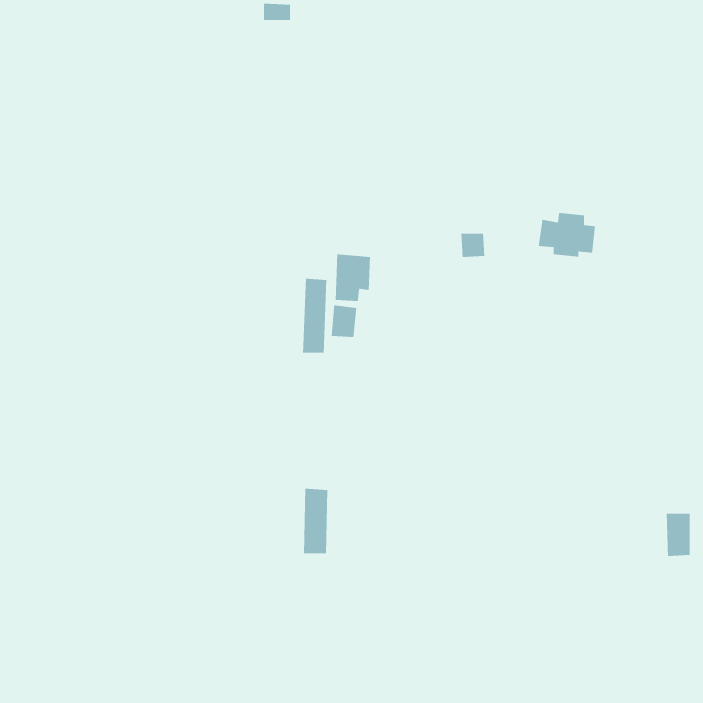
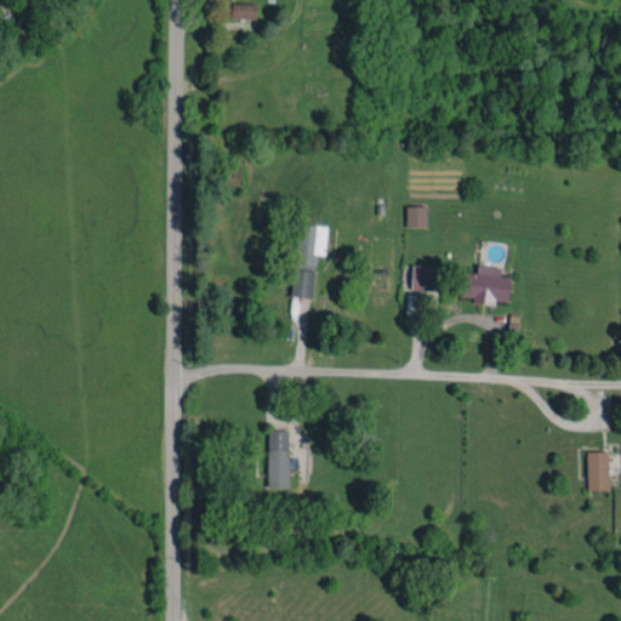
building: [538,212,596,258] -> [460,266,511,306]
building: [302,278,327,354] -> none
building: none -> [412,266,441,291]

